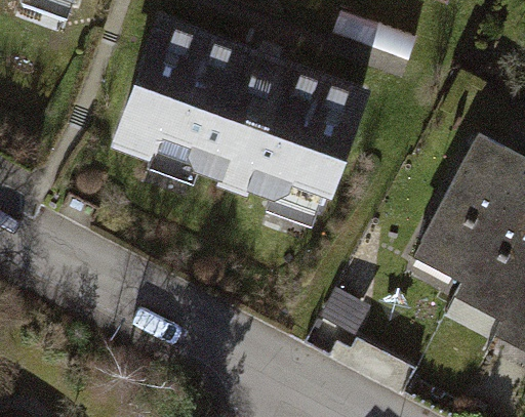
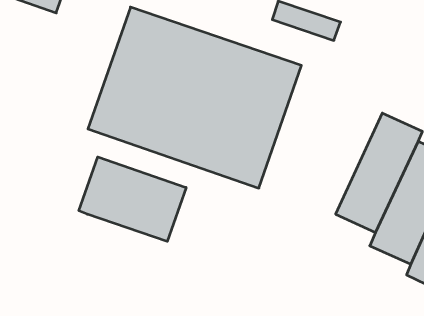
building: none -> [79,157,186,241]

